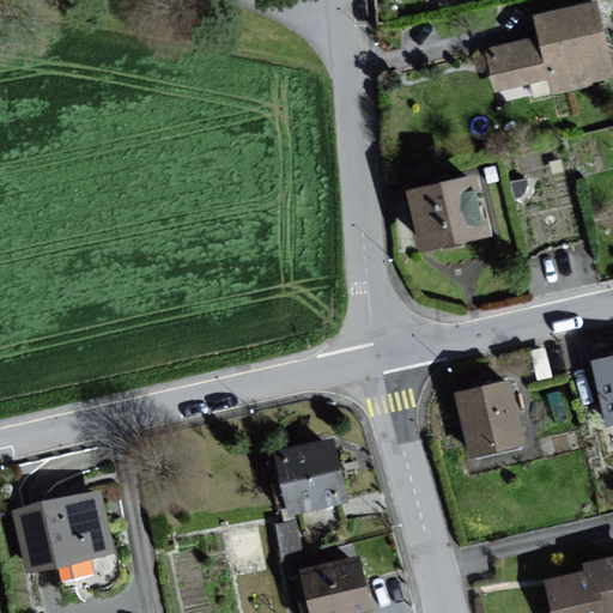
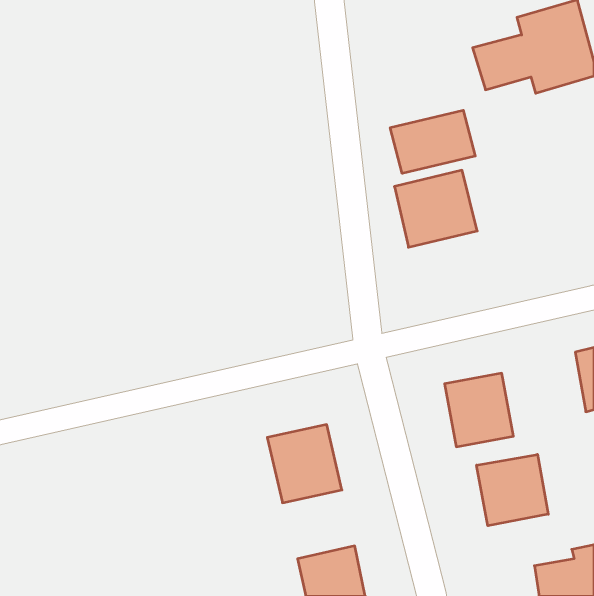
building: none -> [390,110,475,173]
building: none -> [477,454,548,526]
building: [13,494,116,577] -> none

